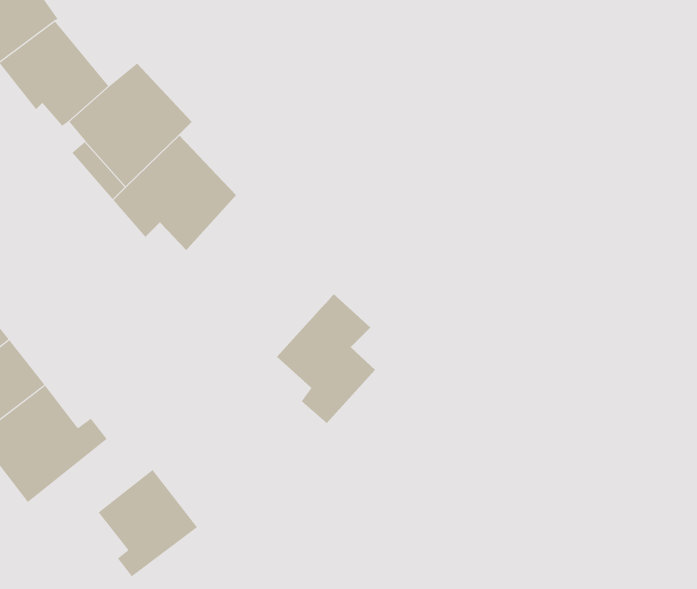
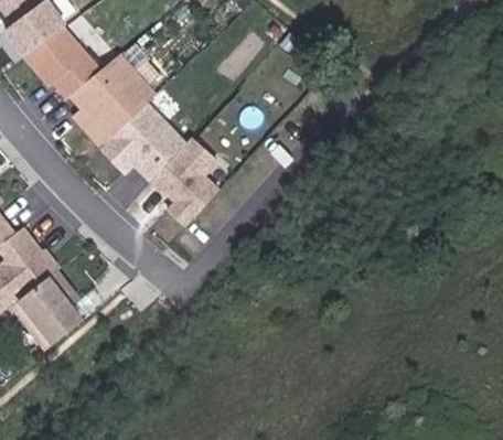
building: [276,293,376,424] -> [151,135,218,223]
building: [98,469,198,577] -> none

